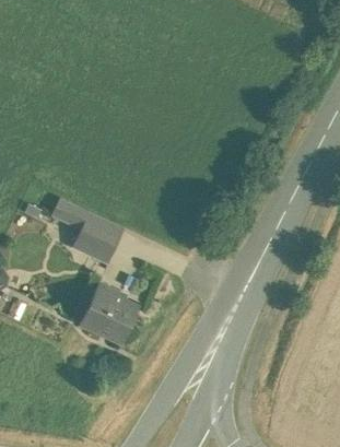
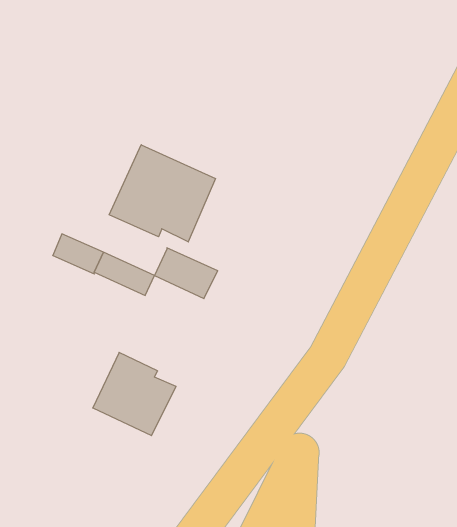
building: none -> [109,145,215,242]
building: [72,227,117,263] -> [154,248,218,299]

